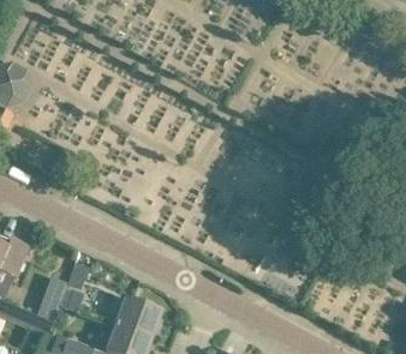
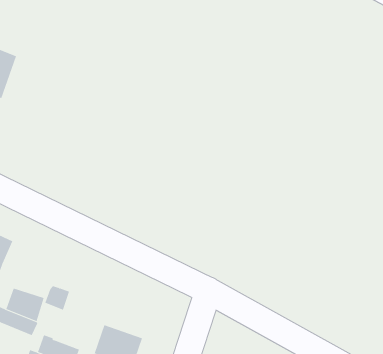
building: [115,296,162,337] -> none

